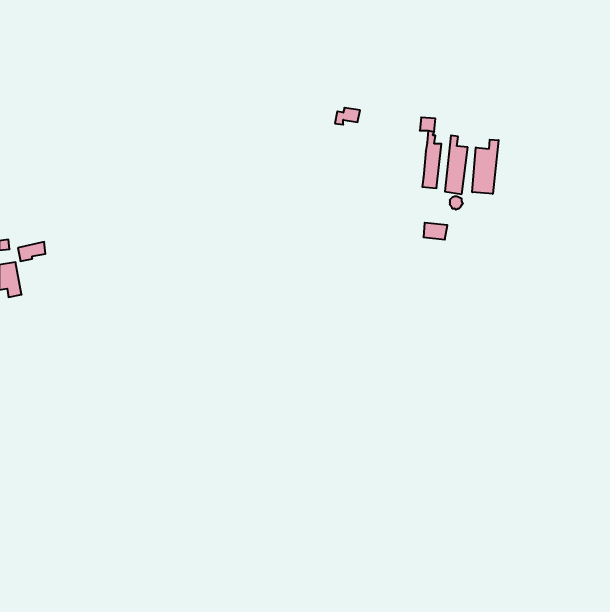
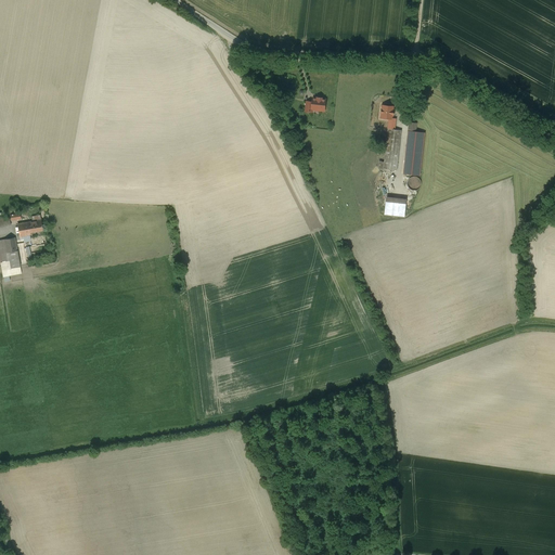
building: [472,140,499,194] -> none

